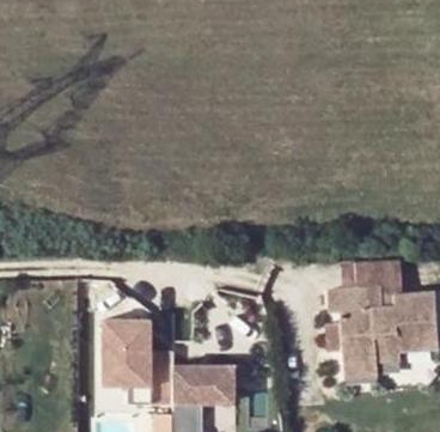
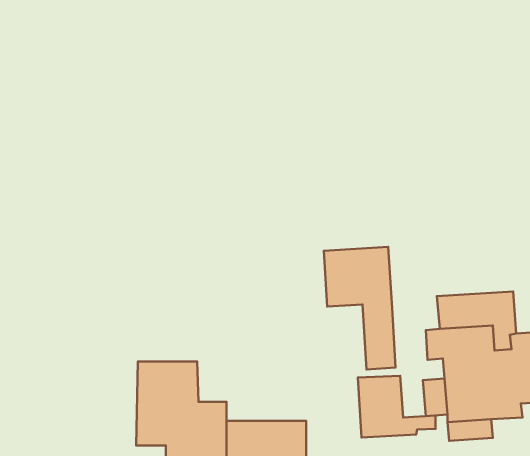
building: none -> [324,247,396,369]
building: none -> [358,376,436,438]

